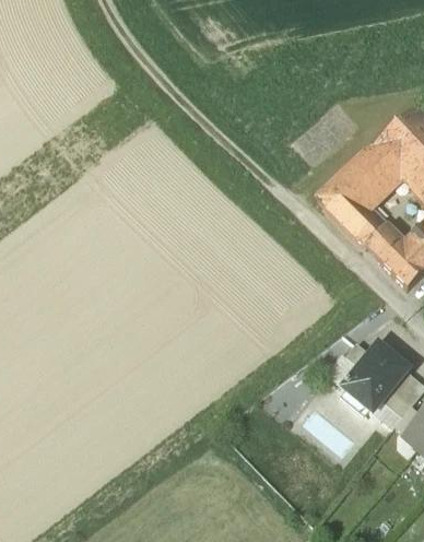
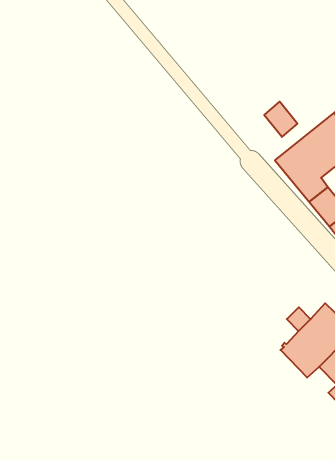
building: none -> [264,102,297,137]

